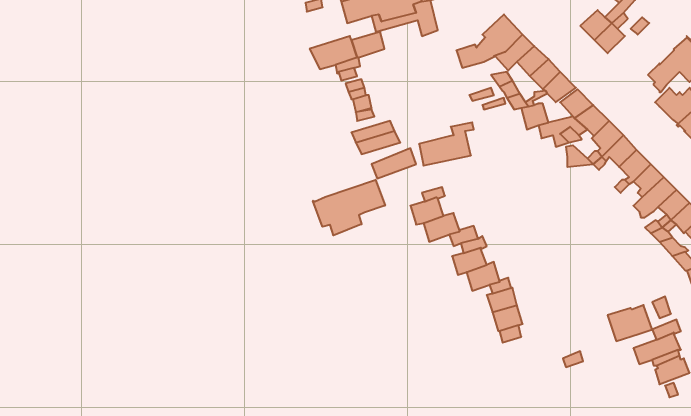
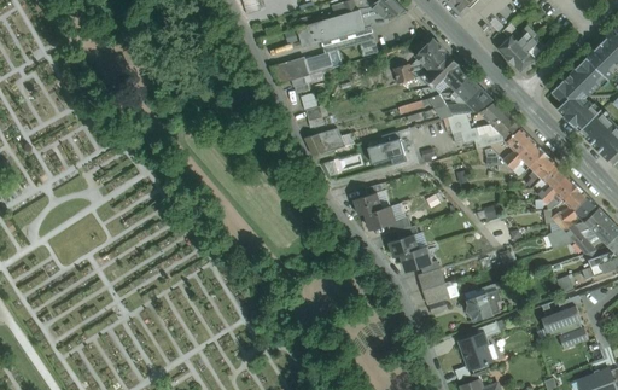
building: [313,180,385,235] -> none
building: [608,305,652,341] -> [467,290,505,320]
building: none -> [464,334,491,367]

